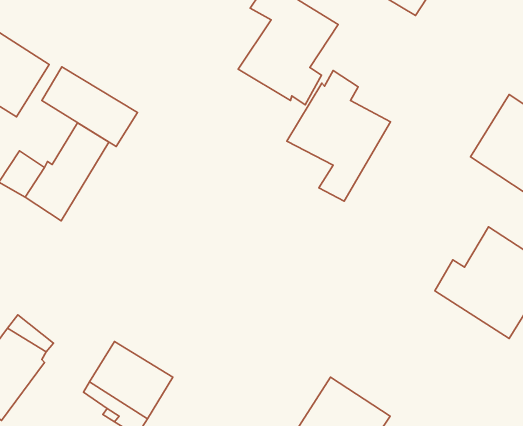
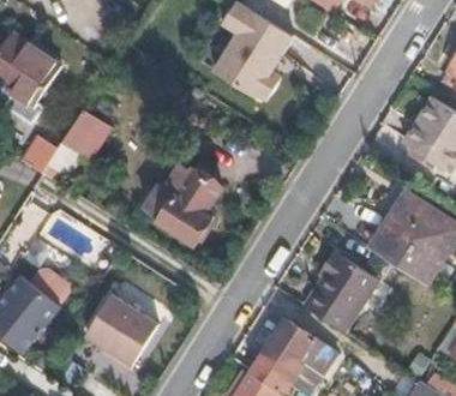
building: [42,67,138,146] -> none
building: [287,70,391,201] -> none
building: none -> [144,164,218,242]
building: none -> [306,251,379,331]

